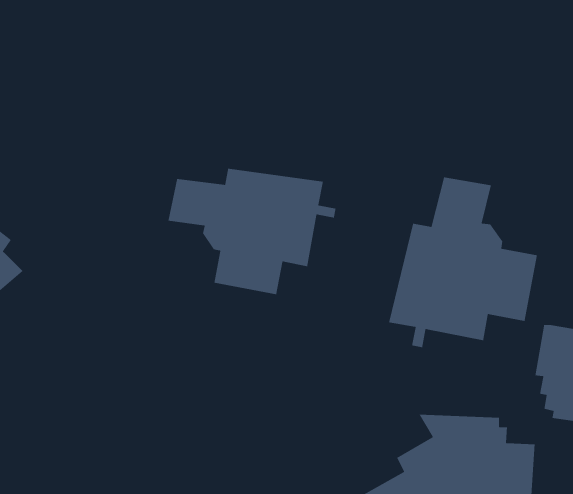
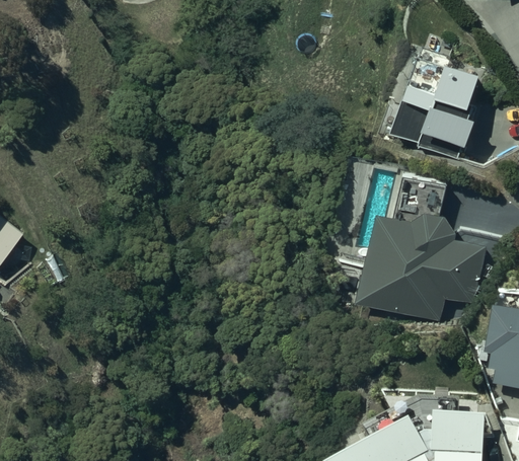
building: none -> [389,46,478,160]
building: [167,168,336,295] -> none

